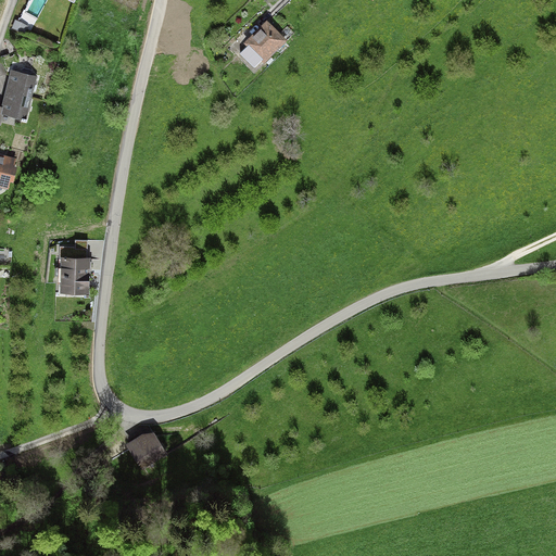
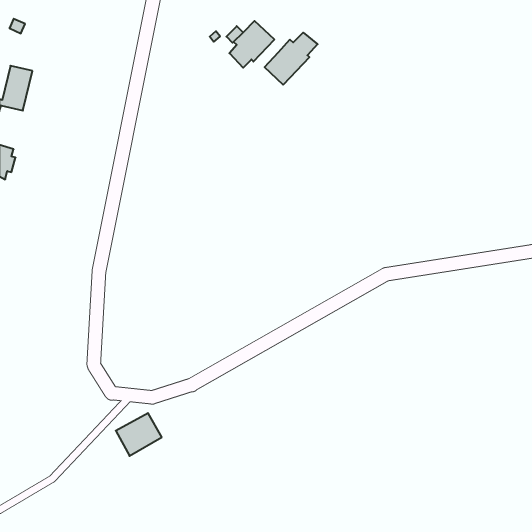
building: none -> [265,33,318,85]
building: [61,254,88,289] -> none

